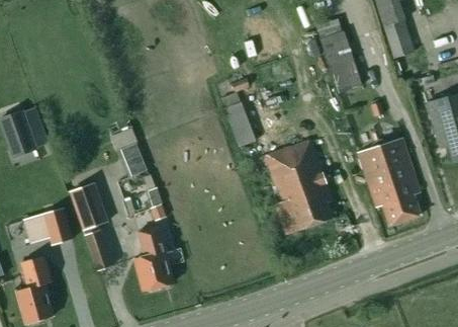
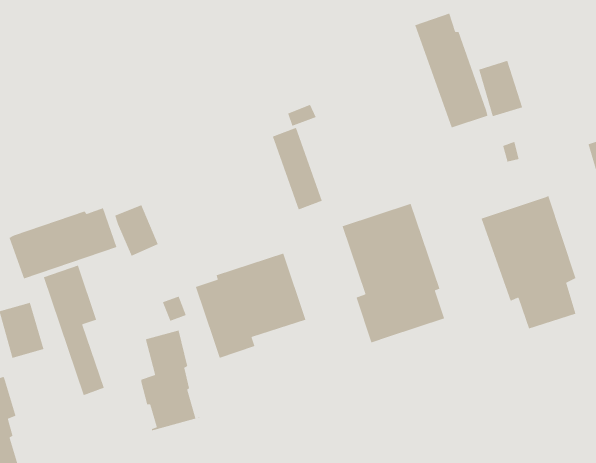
building: [384,19,414,57] -> [478,60,523,117]
building: none -> [8,207,118,279]
building: none -> [195,252,307,359]

